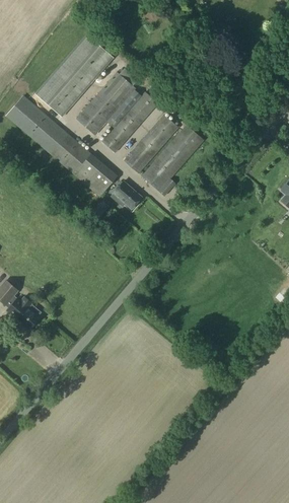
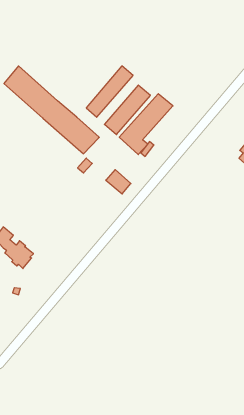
building: [35,34,114,117] -> none
building: [77,72,135,134] -> none
building: [113,181,142,209] -> [106,170,131,194]

